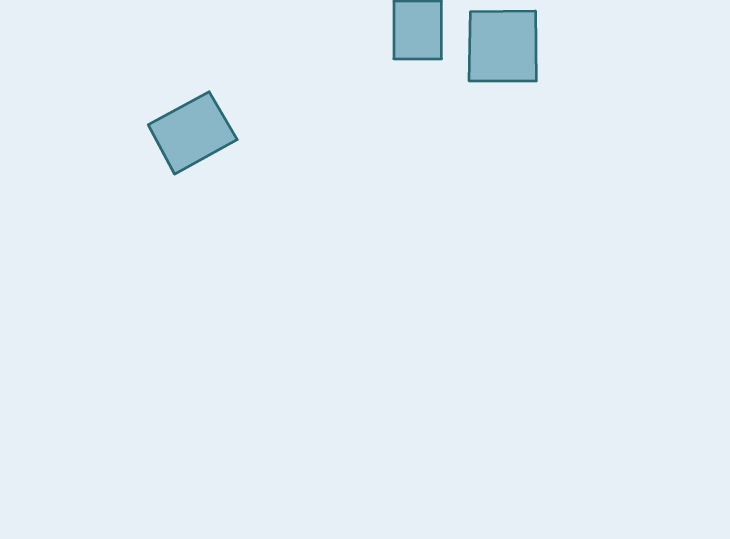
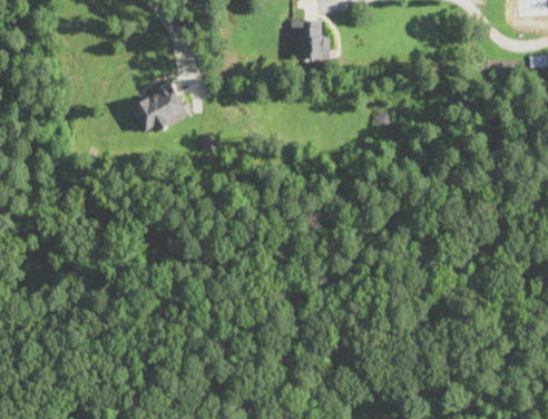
building: [469,11,536,81] -> none

